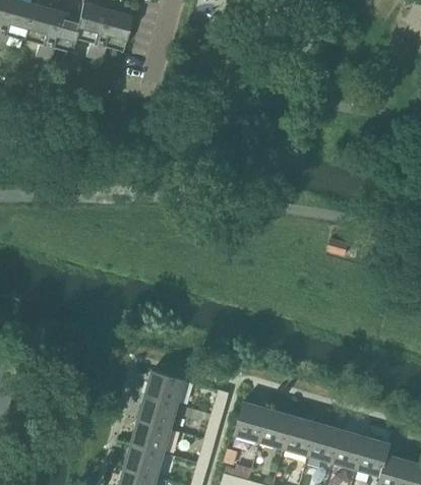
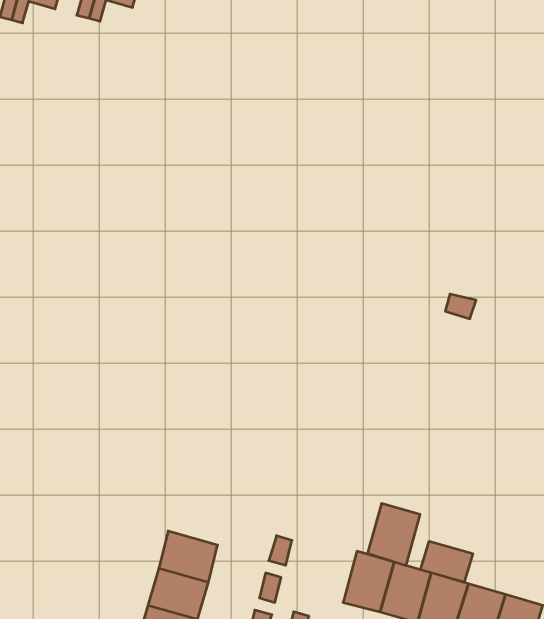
building: [144,369,185,404] -> none
building: [234,401,268,441] -> [367,504,420,566]
building: none -> [421,541,473,582]

